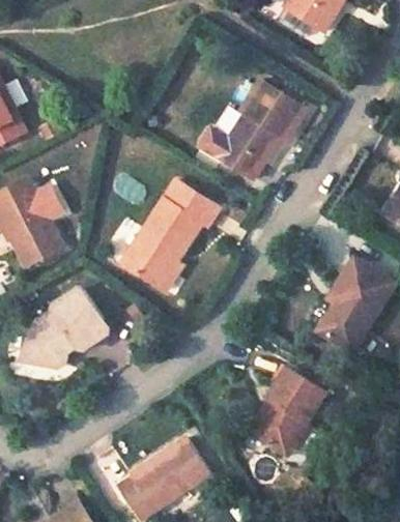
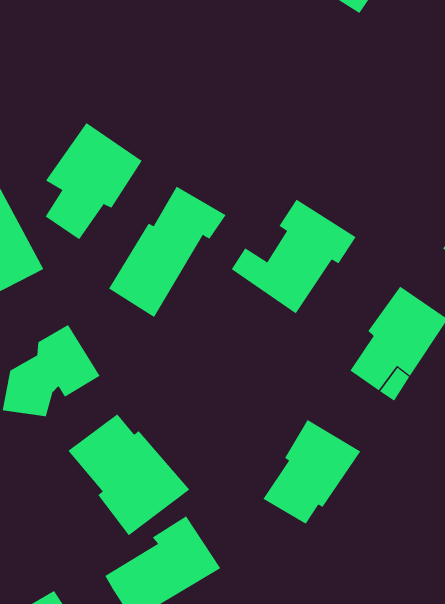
building: [205,78,307,171] -> [231,199,357,314]
building: none -> [45,122,143,240]
building: none -> [67,413,190,536]

